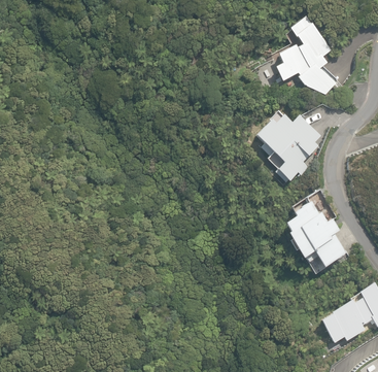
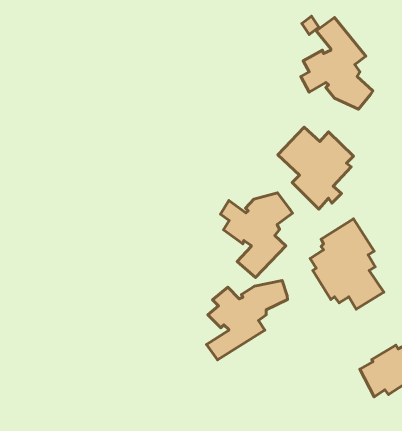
building: none -> [221,193,292,278]
building: none -> [206,281,288,360]

